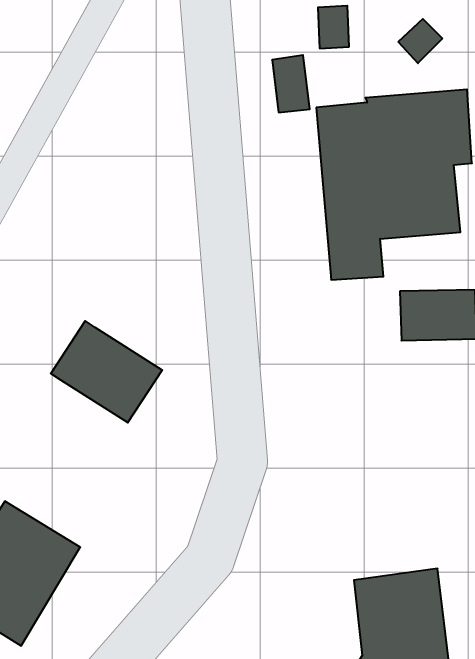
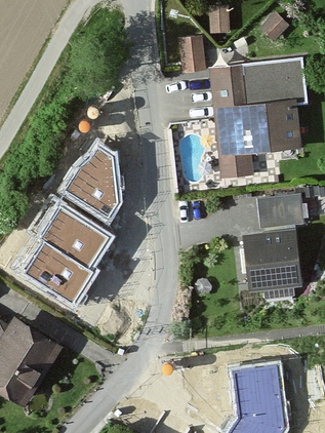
building: none -> [69,148,120,215]
building: none -> [243,229,301,289]
building: none -> [28,241,95,302]

